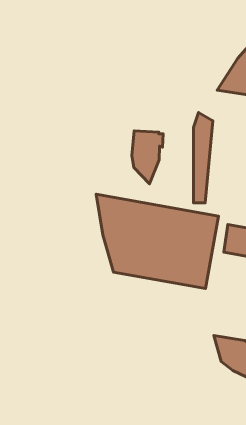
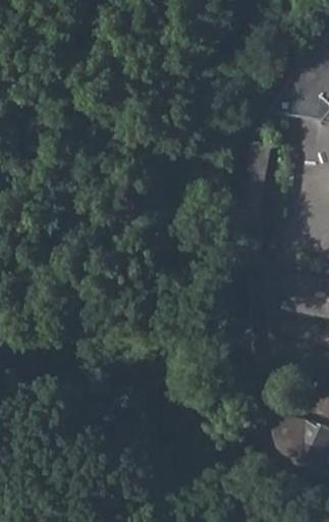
building: [132,131,163,184] -> none
building: [96,194,219,288] -> none

